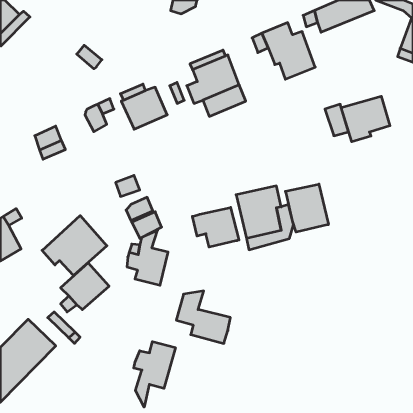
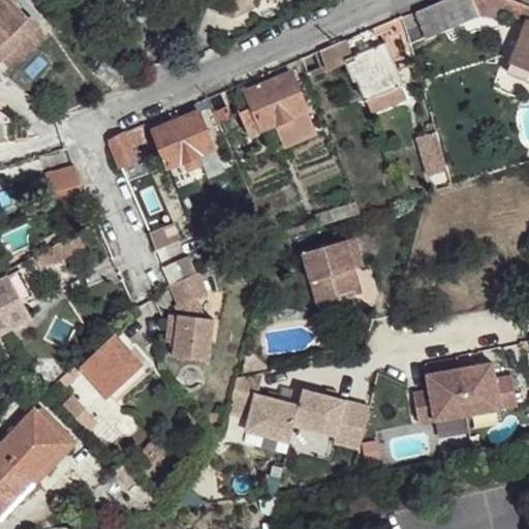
building: [341,96,390,142] -> none
building: [285,184,328,232] -> none
building: [192,207,239,247] -> none
building: [42,216,107,276] -> none
building: none -> [413,363,517,424]
building: none -> [291,390,366,447]
building: [134,342,175,407] -> none

